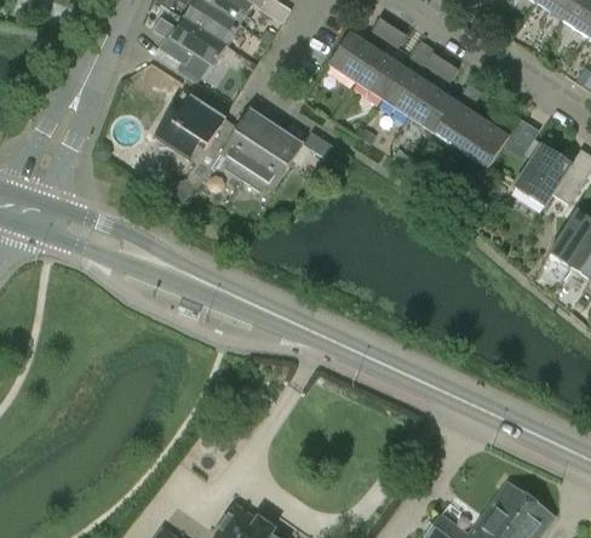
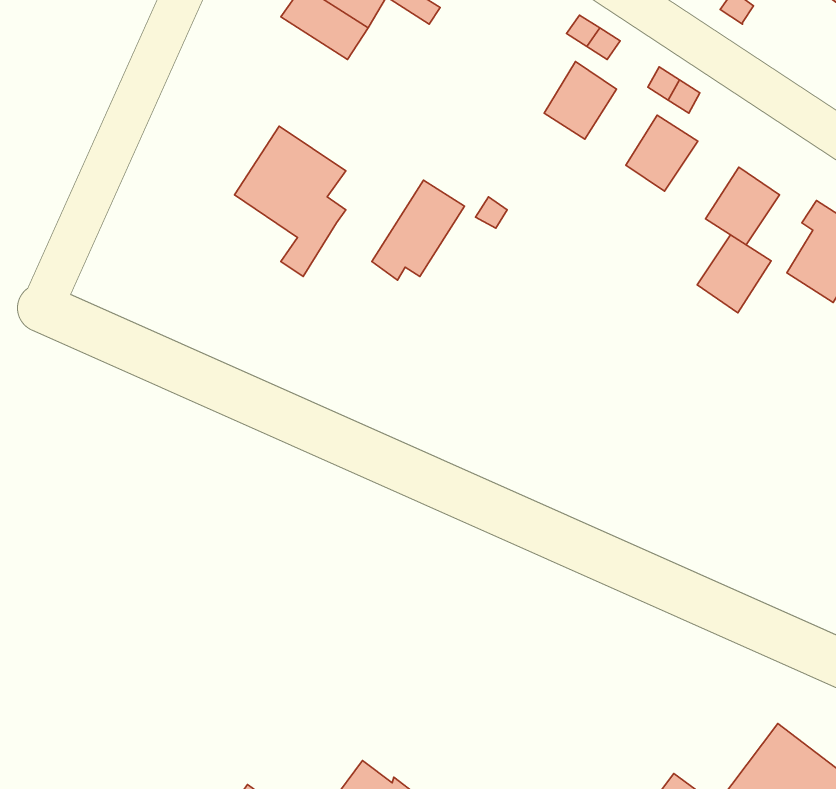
building: [153,16,228,82] -> none
building: [329,30,377,81] -> none
building: [383,65,430,115] -> none
building: [435,99,483,150] -> [697,235,771,313]
building: [220,108,277,178] -> none

